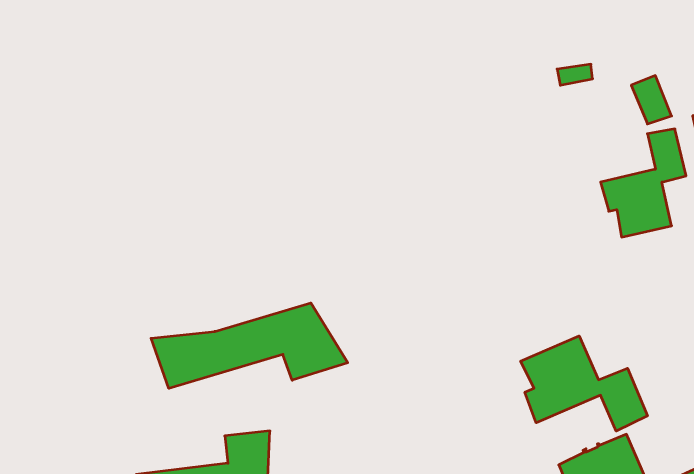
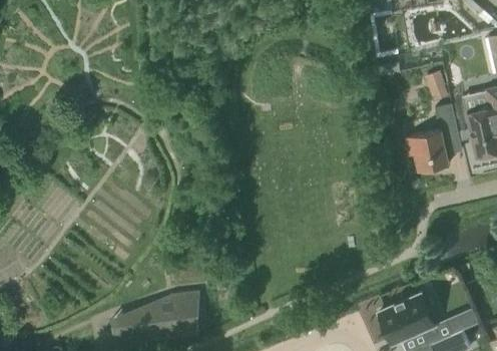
building: [151,303,348,388] -> none
building: [521,336,647,431] -> none

